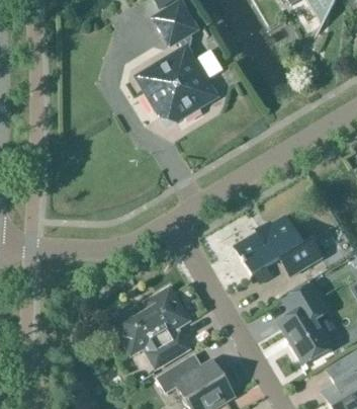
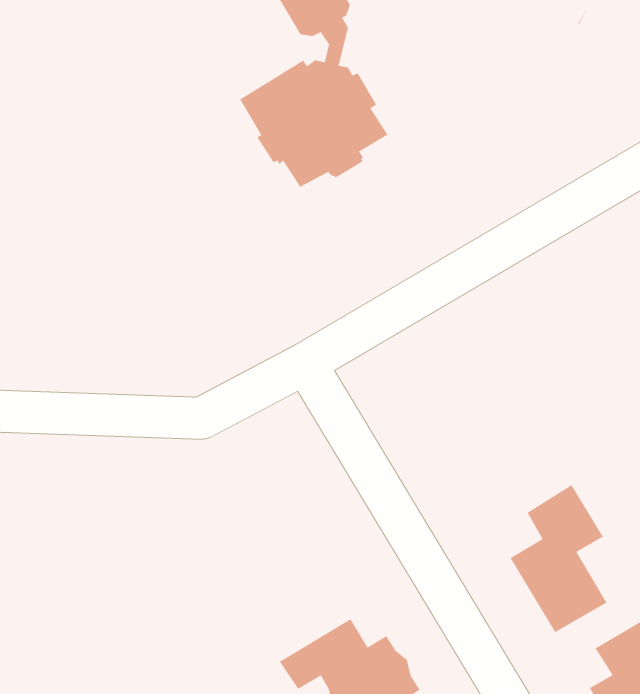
building: [236,218,322,276] -> none
building: [112,289,188,367] -> none

